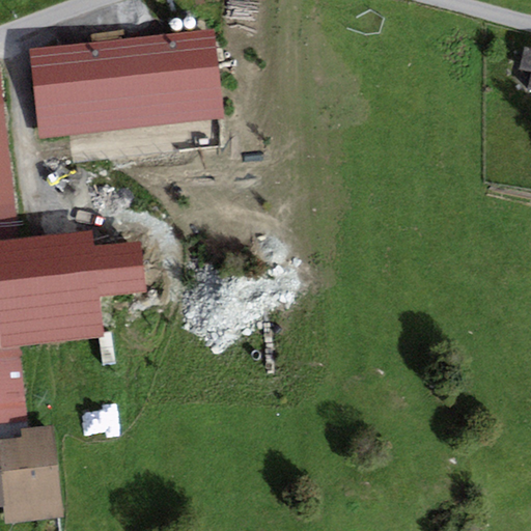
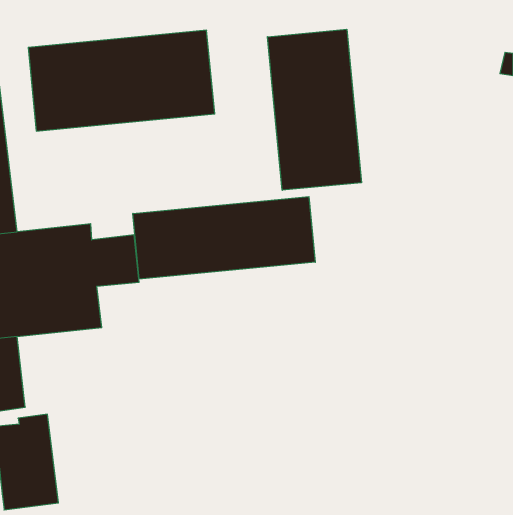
building: none -> [267,29,361,190]
building: none -> [133,197,315,279]

